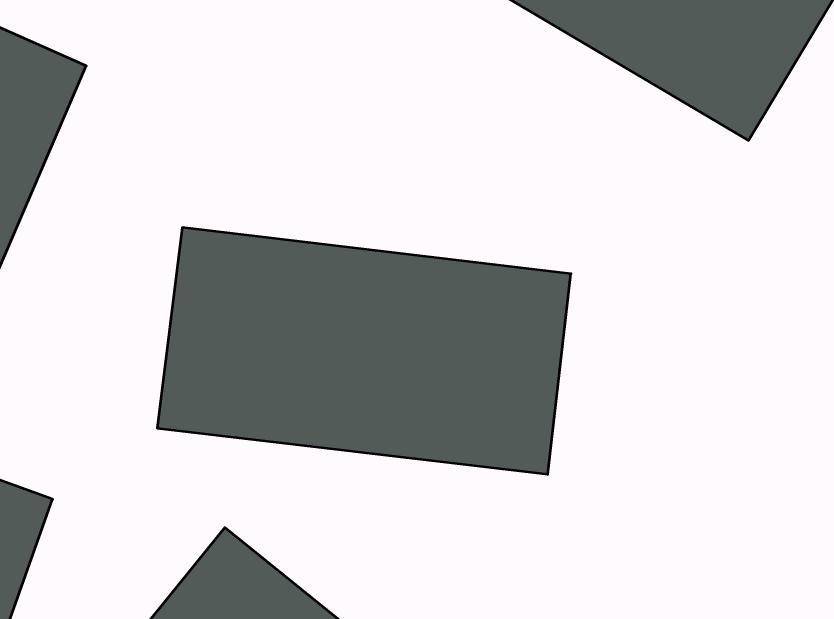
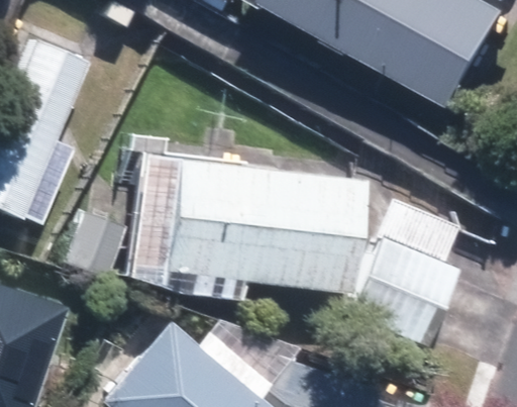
building: none -> [349,238,457,347]

